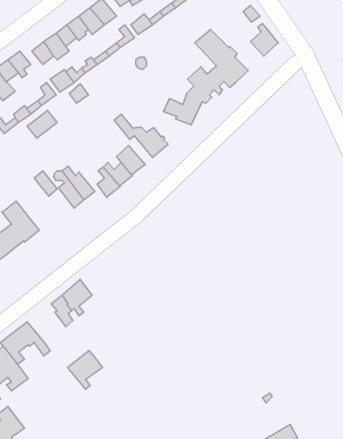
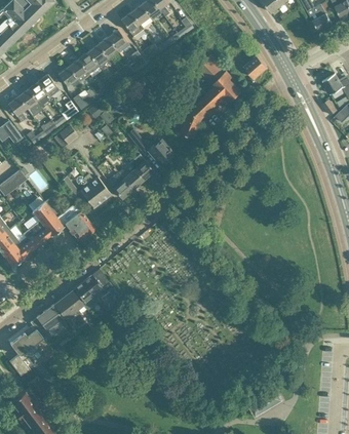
building: none -> [60,204,94,240]
building: [67,351,102,389] -> [53,290,83,323]

